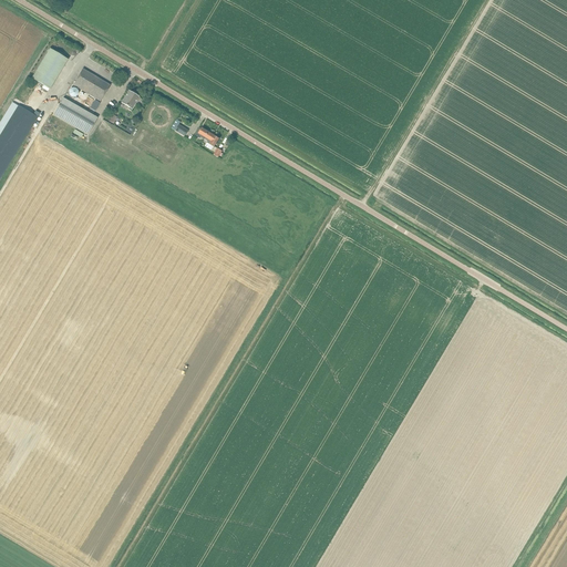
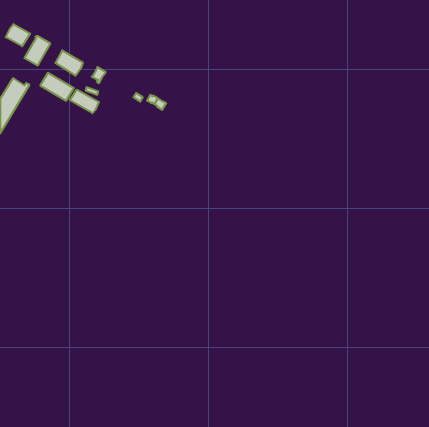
building: none -> [6,24,30,46]
building: none -> [70,90,99,113]

